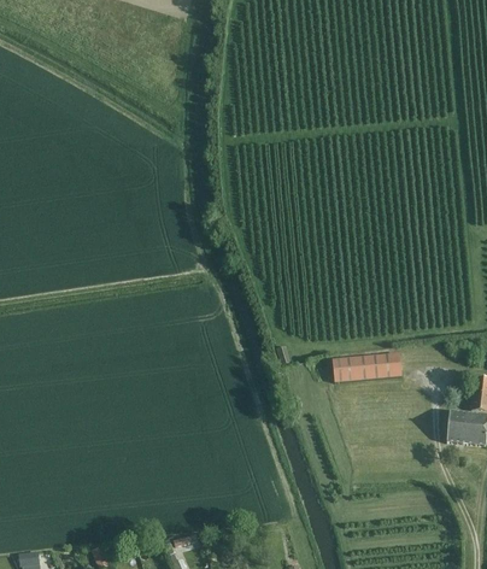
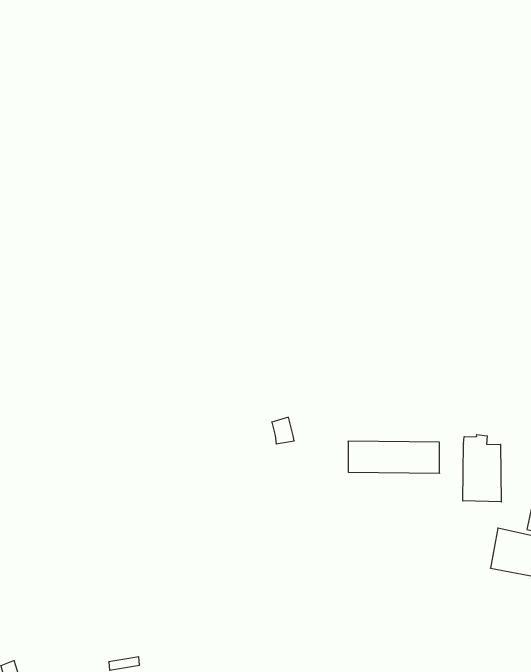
building: none -> [463,435,501,502]

